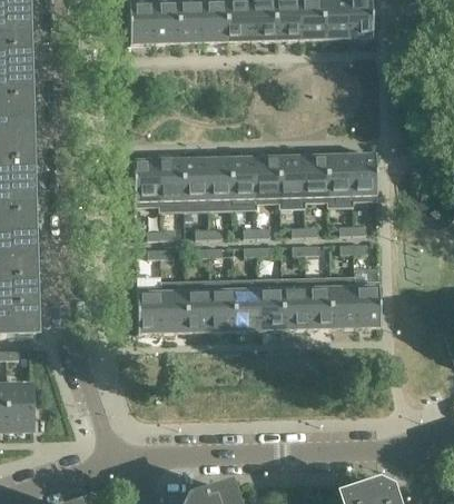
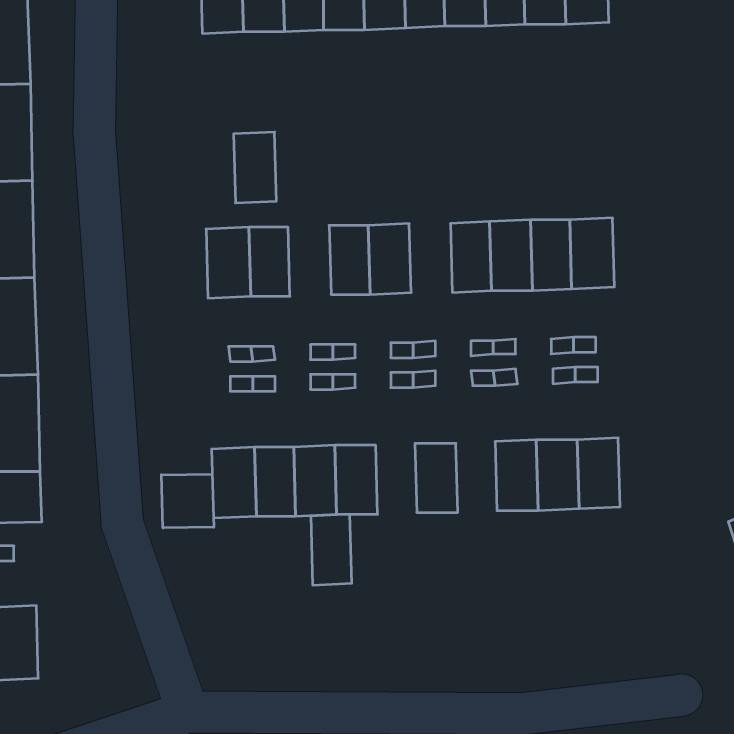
building: [256,157,282,198] -> none
building: [184,158,209,200] -> [234,132,276,203]
building: [284,287,308,329] -> none
building: [236,288,260,330] -> [311,514,352,585]
building: none -> [161,474,214,528]

